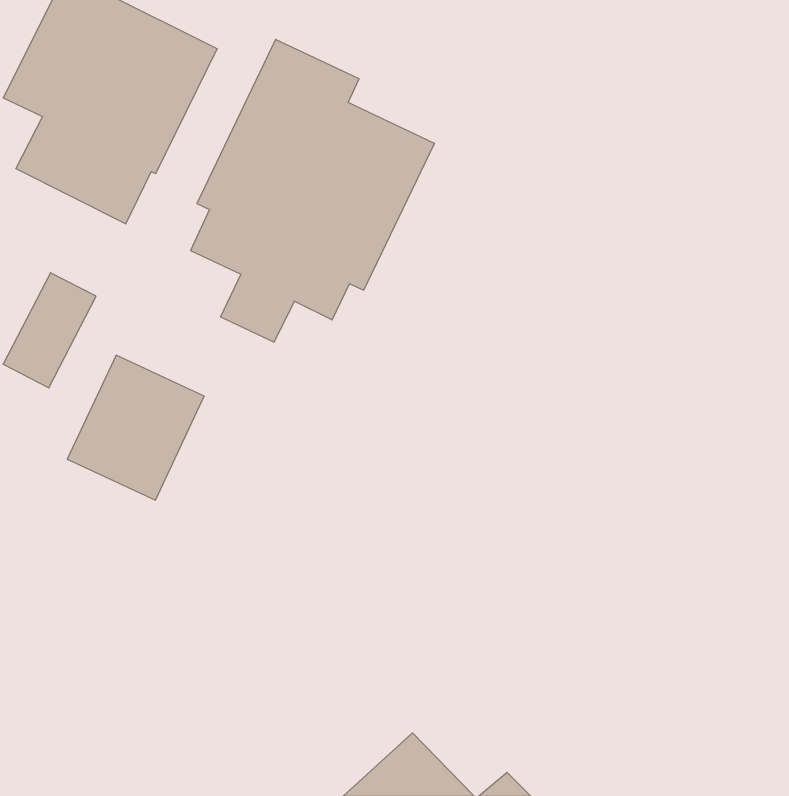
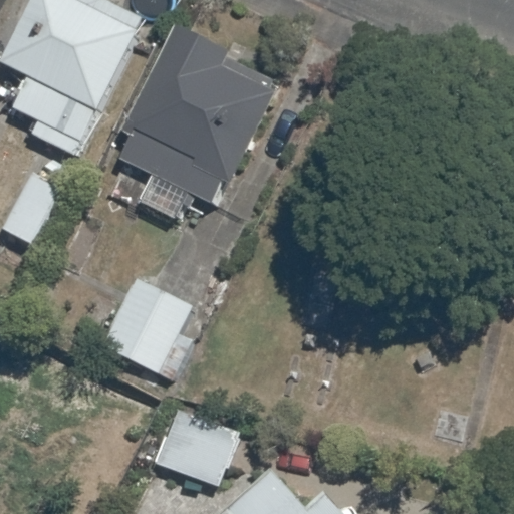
building: [67,355,204,500] -> [102,278,190,370]
building: none -> [154,408,236,484]

